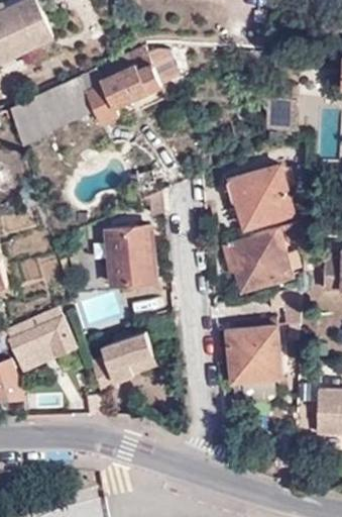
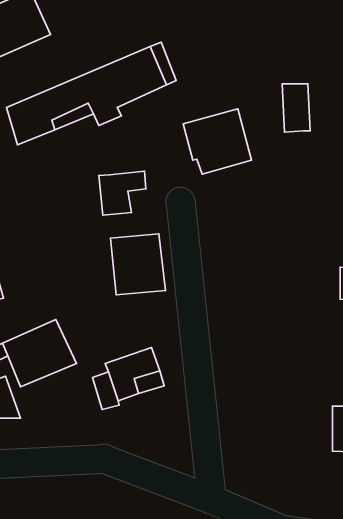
building: [226,168,291,229] -> [183,109,252,174]
building: none -> [99,171,146,215]
building: [223,223,303,290] -> none
building: [227,325,281,384] -> none

